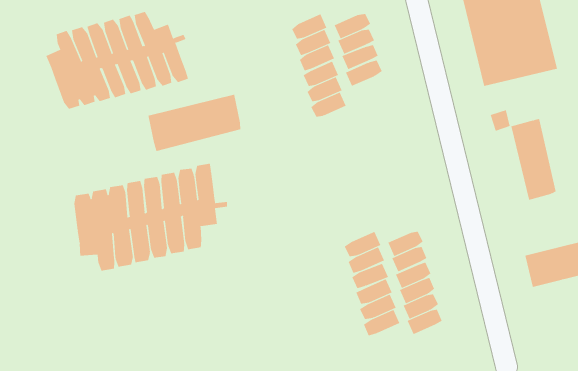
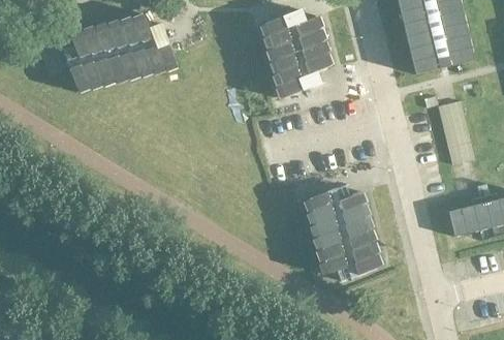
building: [148,94,241,152] -> none
building: [74,163,228,272] -> none

